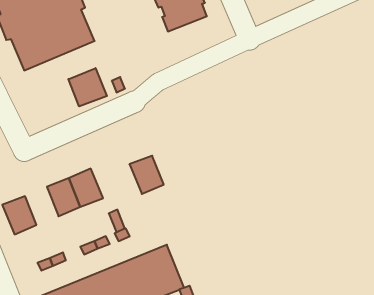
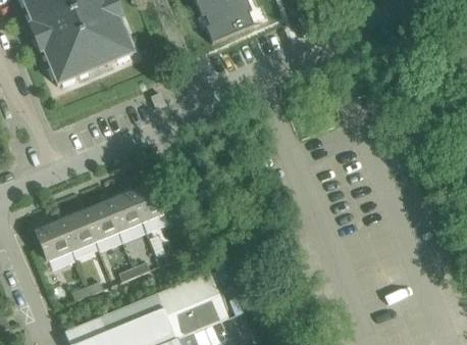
building: [68,68,107,106] -> none
building: [129,156,164,194] -> [131,181,167,221]
building: none -> [60,209,96,250]

